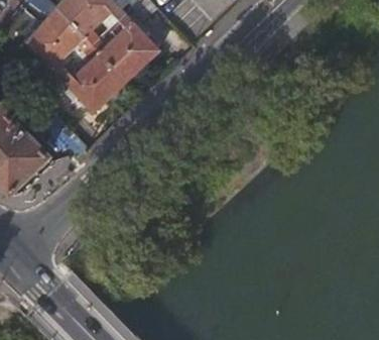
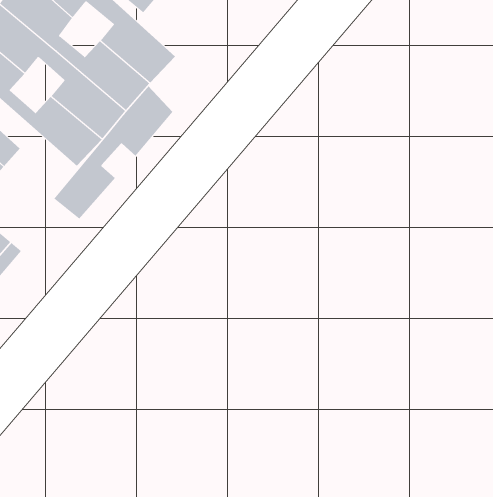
building: none -> [53,86,173,219]

